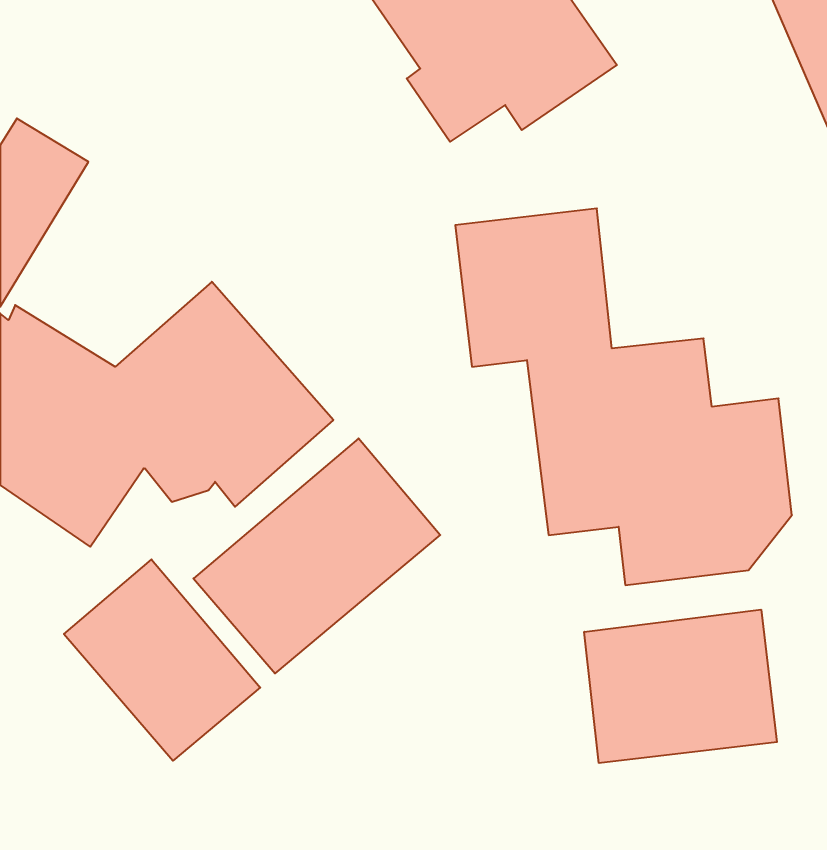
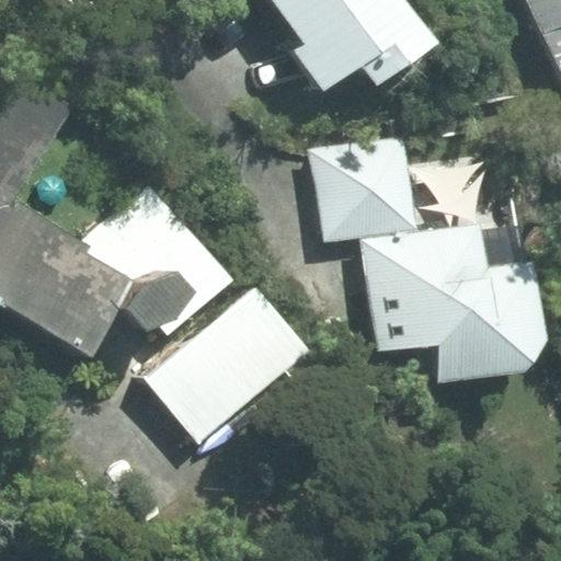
building: [64,559,260,761] -> none
building: [584,610,777,763] -> none

